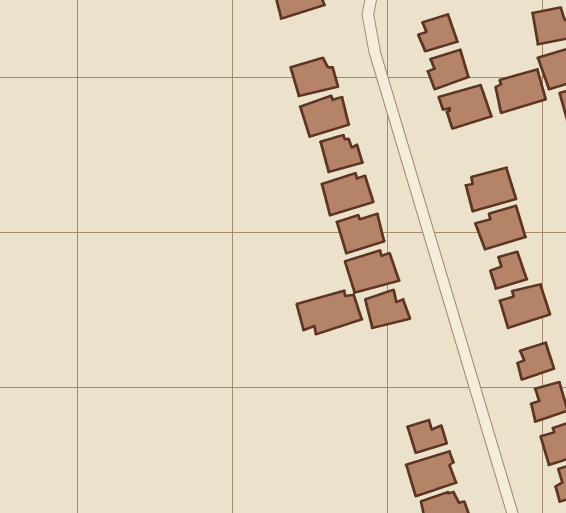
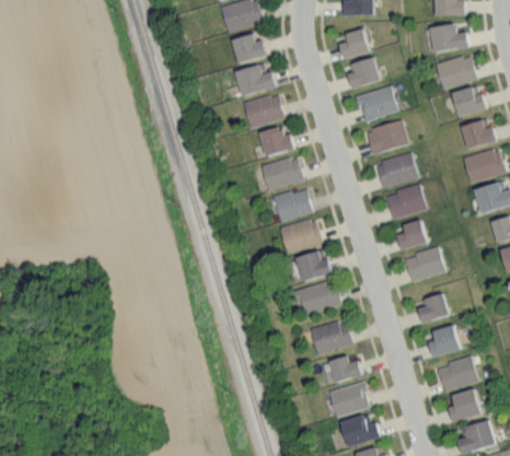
building: none -> [232,34,266,62]
building: [496,69,546,113] -> [367,119,407,154]
building: [297,291,362,334] -> [288,280,340,315]
building: none -> [310,320,351,352]

